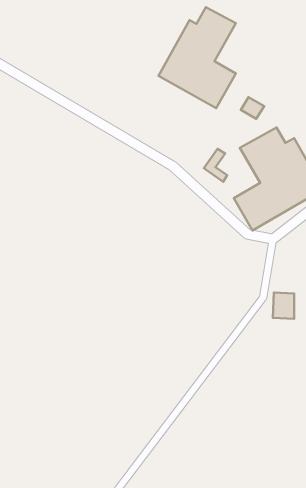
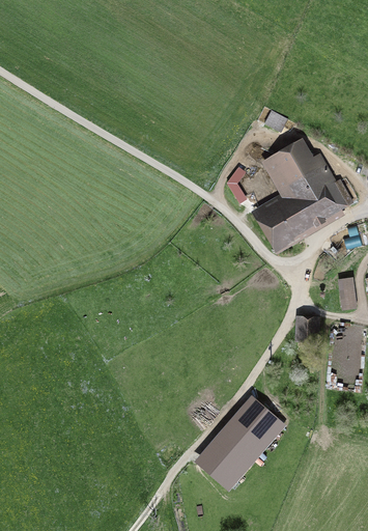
building: [159,7,236,108] -> none
building: none -> [194,392,287,491]

